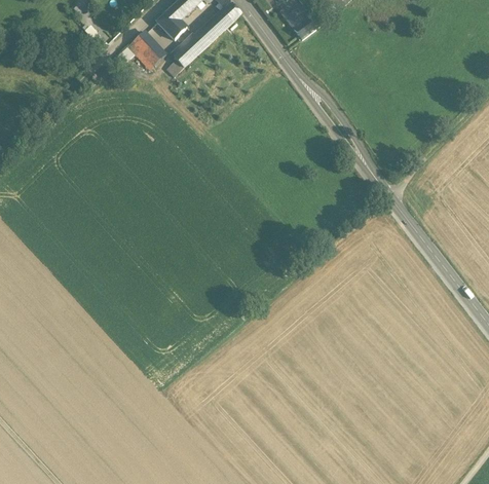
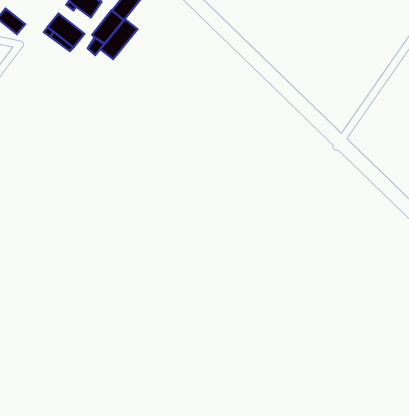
building: none -> [100,19,138,59]

